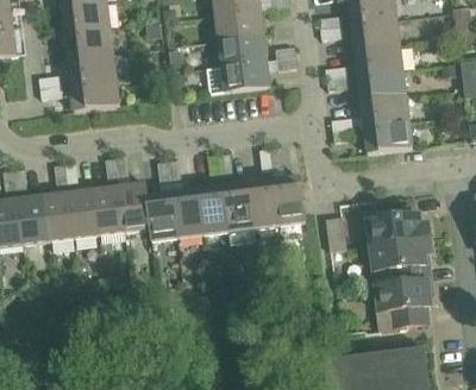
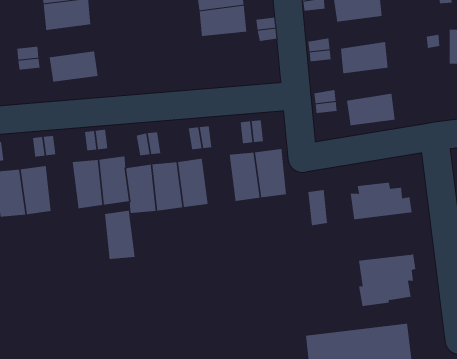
building: [353,45,402,77] -> none
building: [67,54,115,86] -> none
building: [206,61,269,94] -> none
building: [359,96,408,128] -> none
building: [221,182,253,231] -> none
building: [68,189,99,238] -> [104,210,135,260]
building: [370,239,430,288] -> none

